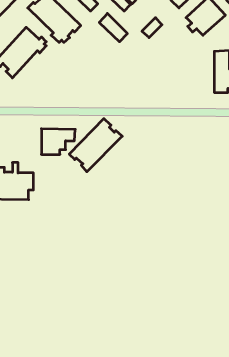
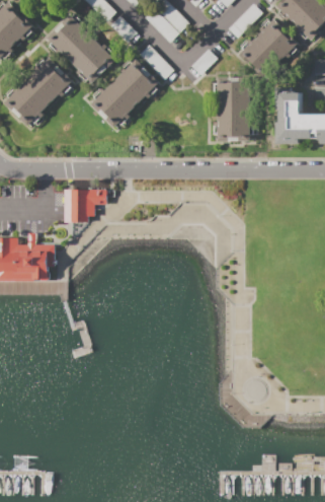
building: none -> [217,75,252,140]
building: [69,119,122,172] -> [91,59,158,126]

